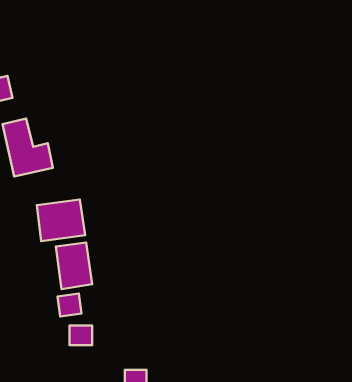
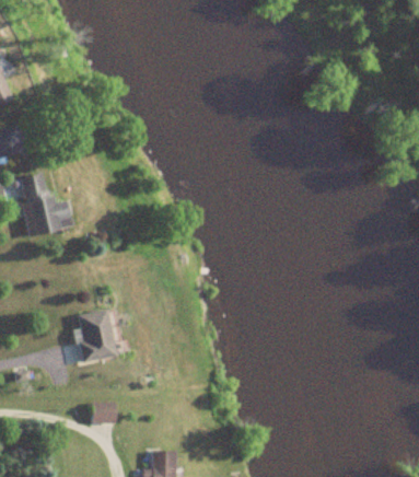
building: [37,199,85,241] -> none
building: [57,294,82,316] -> none

